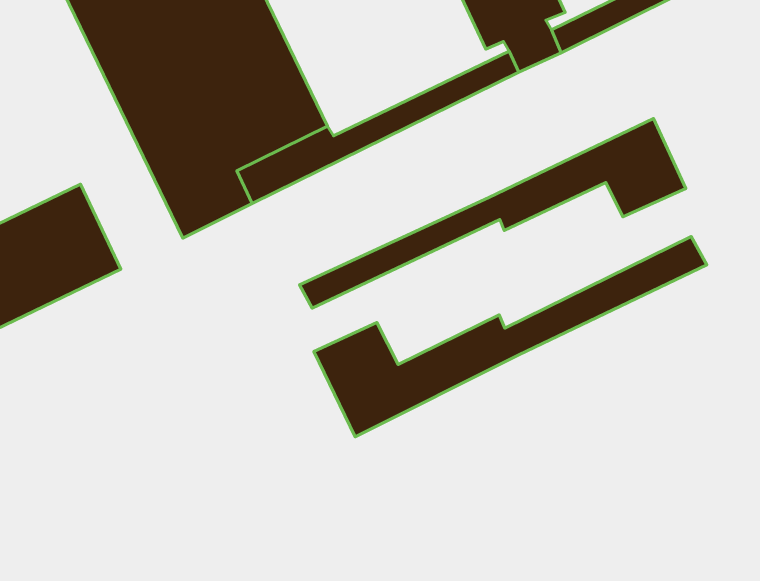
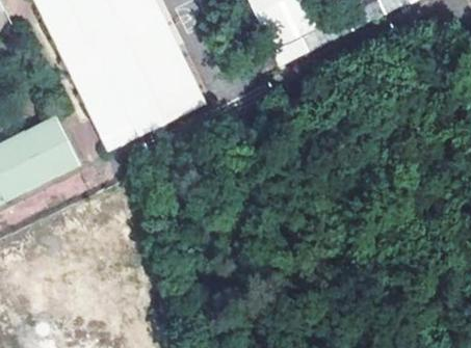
building: [300,118,686,308] -> none
building: [314,236,707,437] -> none

